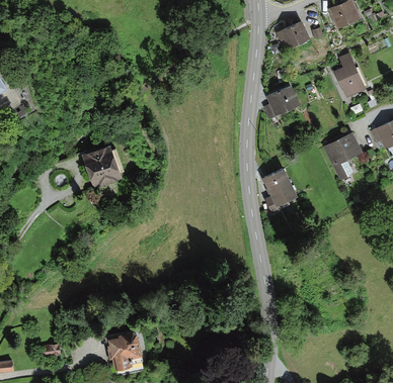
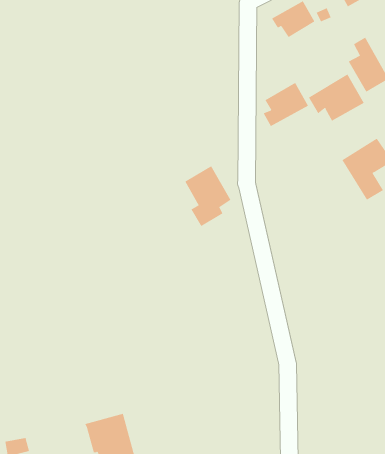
building: none -> [308,74,364,121]
building: [81,145,124,188] -> none
building: [261,167,297,214] -> [185,165,231,227]

